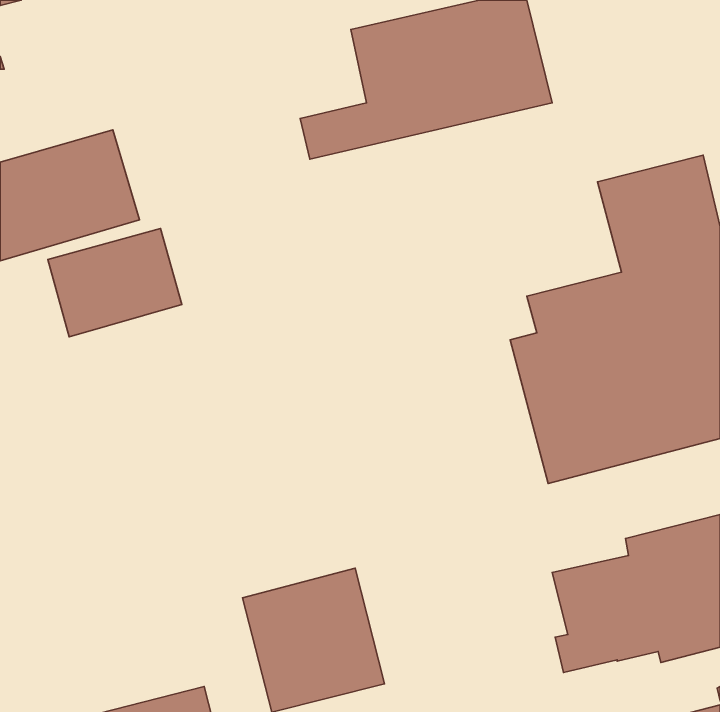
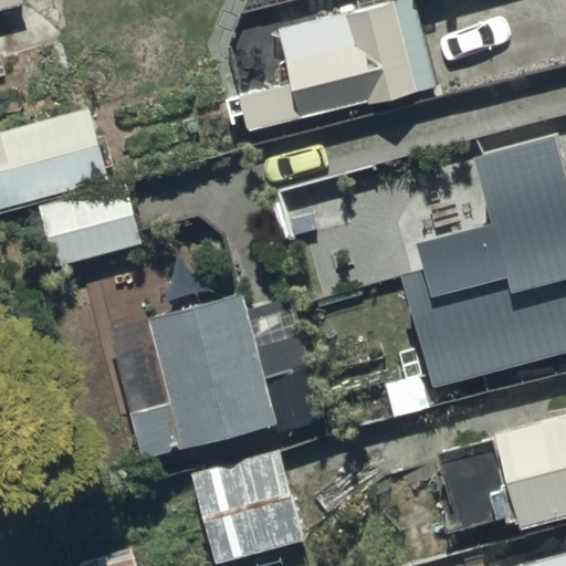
building: none -> [132,293,319,462]

